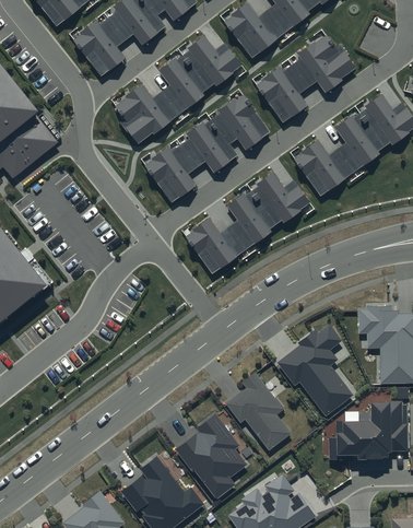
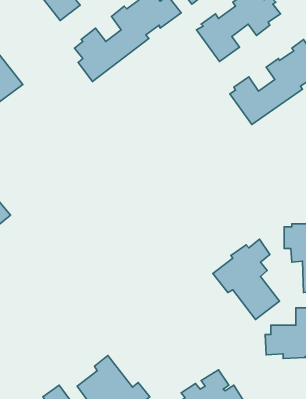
building: [148,97,269,201] -> none
building: [188,174,307,271] -> none
building: [225,372,291,450] -> none
building: [175,414,247,498] -> none

